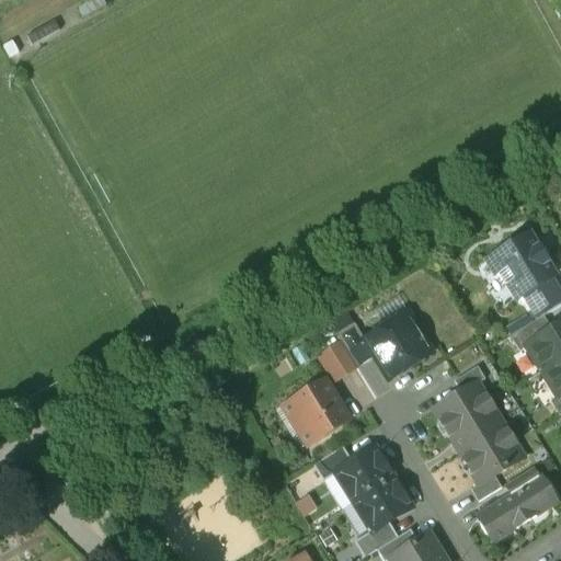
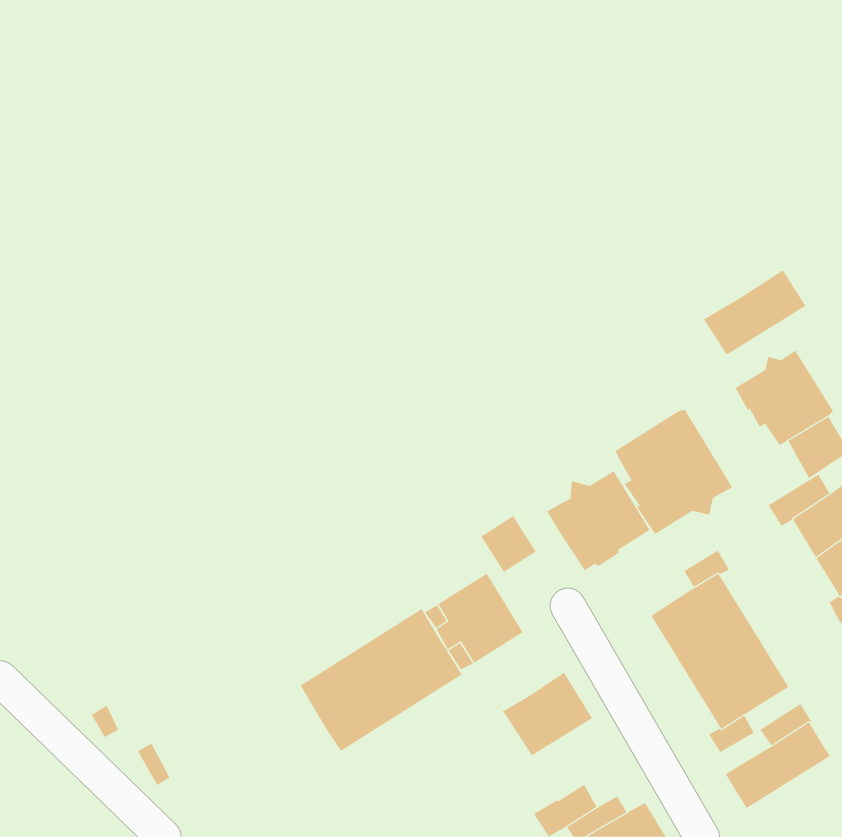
building: none -> [704,270,806,355]
building: none -> [615,409,733,535]
building: [337,323,374,366] -> none
building: none -> [300,609,462,751]
building: [313,446,353,481] -> none
building: [354,477,413,531] -> none

